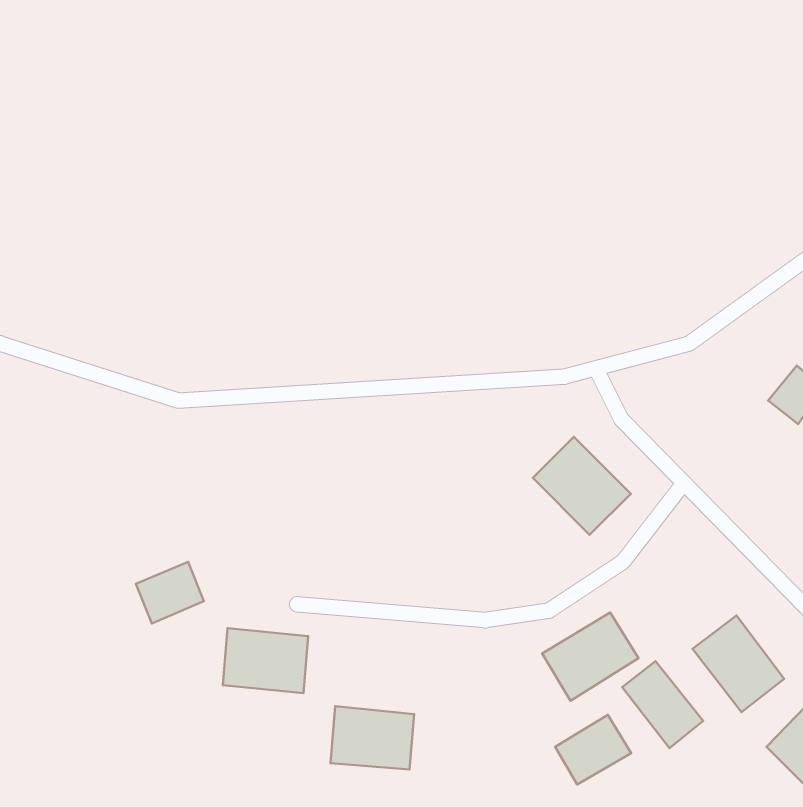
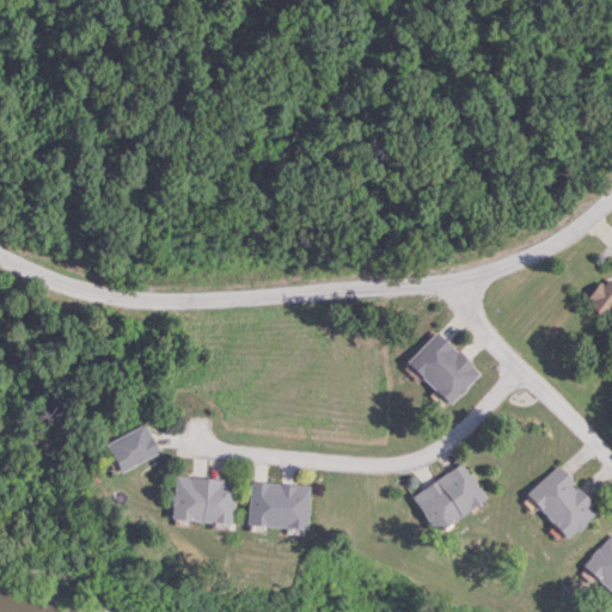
building: [622,661,703,748] -> none
building: [330,706,414,770] -> [247,482,311,530]
building: [555,715,631,785] -> none

